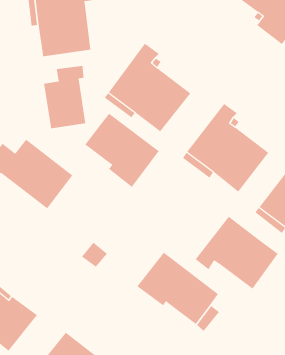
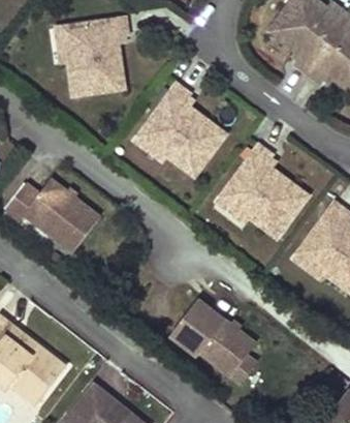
building: [44,65,86,129] -> none
building: [84,113,160,188] -> none
building: [195,216,278,289] -> none

